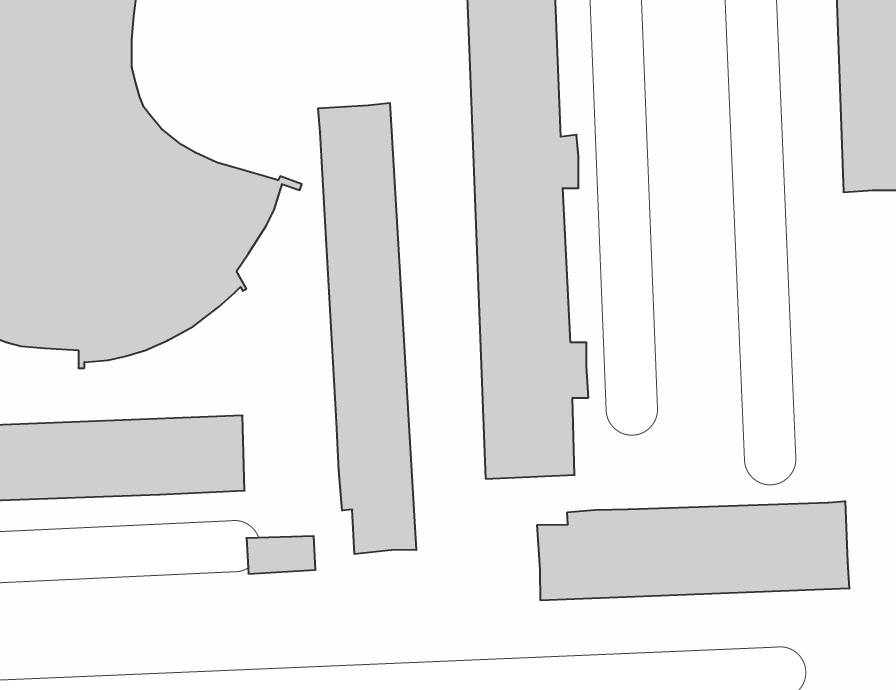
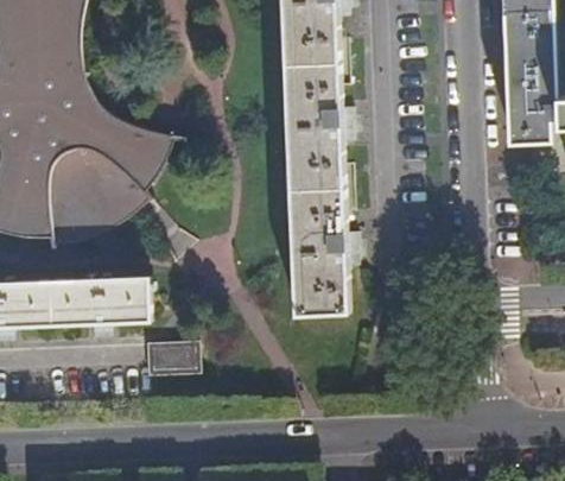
building: [318,103,416,554] -> none
building: [537,501,849,600] -> none

